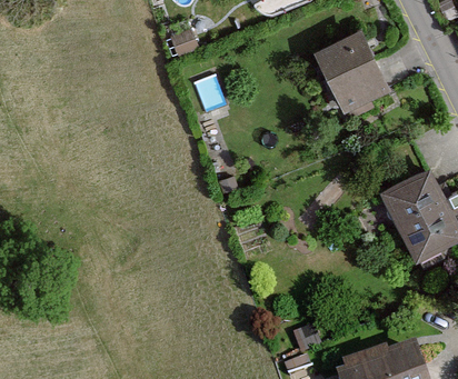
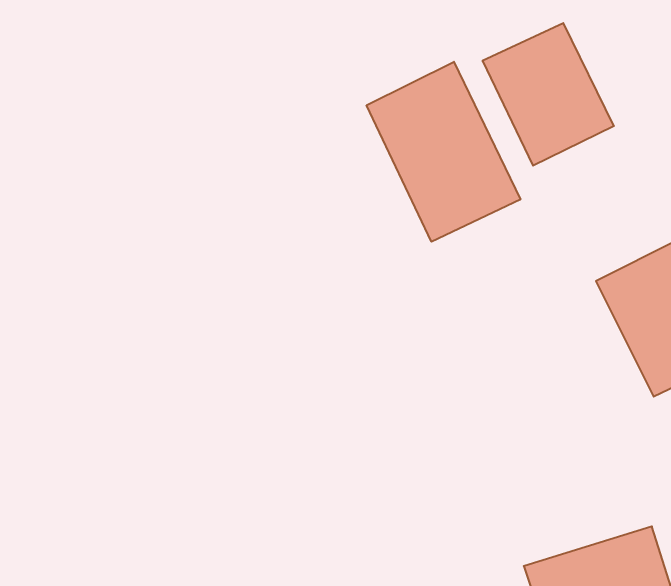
building: none -> [367,62,520,242]

